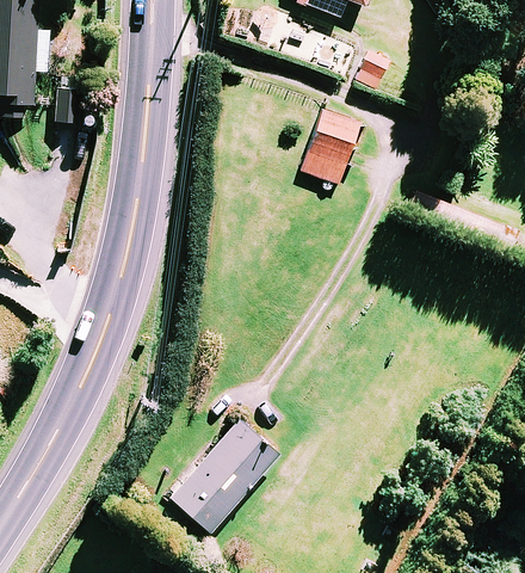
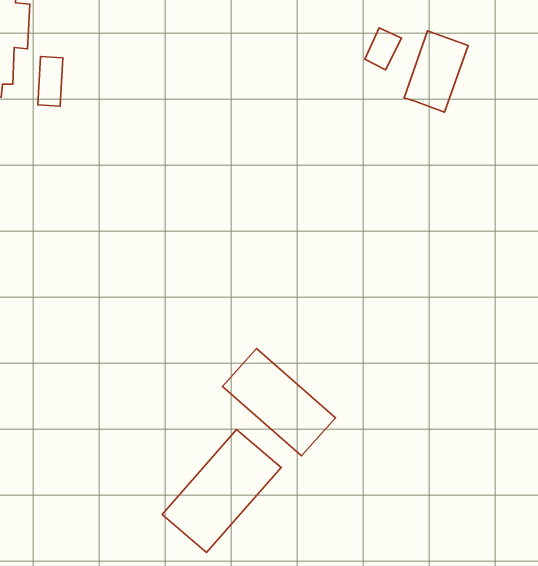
building: [301,110,359,184] -> [404,31,468,112]
building: none -> [222,349,335,456]

